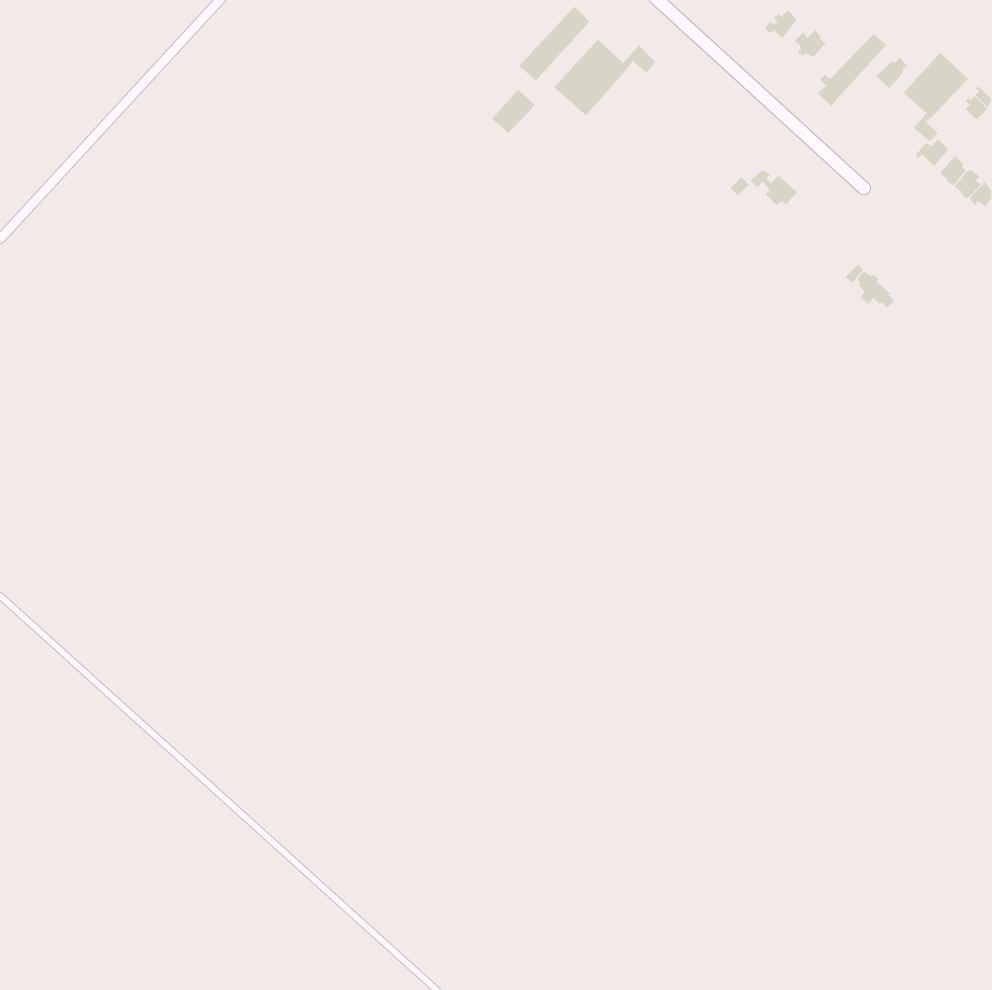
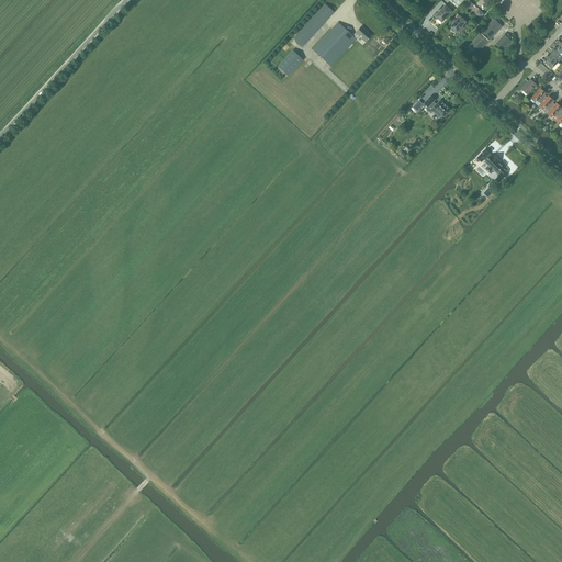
building: [903,52,969,142] -> none

